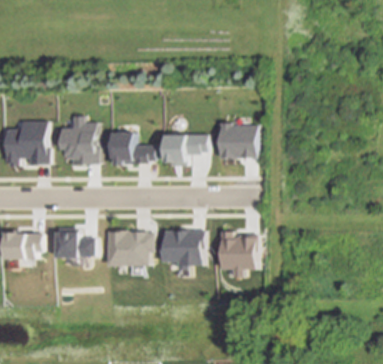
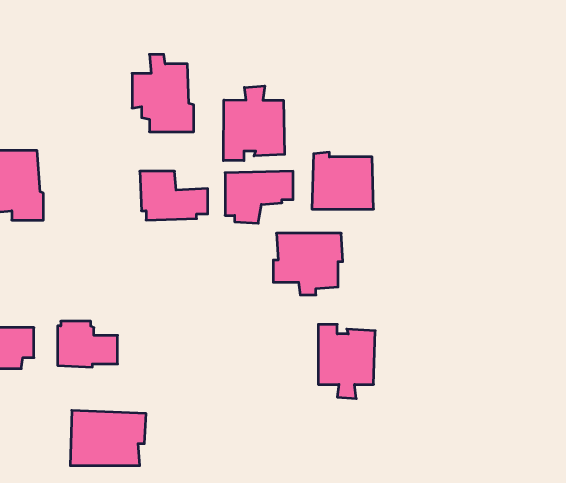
building: none -> [223,86,285,161]
building: [59,115,98,164] -> [132,54,194,132]
building: [106,230,154,265] -> [70,410,146,466]
building: [162,230,206,269] -> [273,233,343,295]

